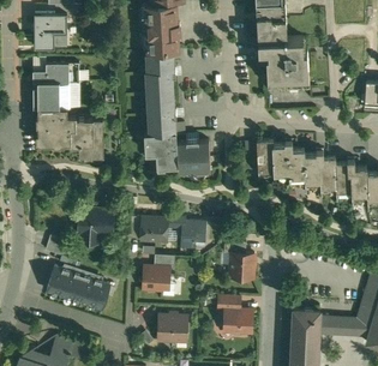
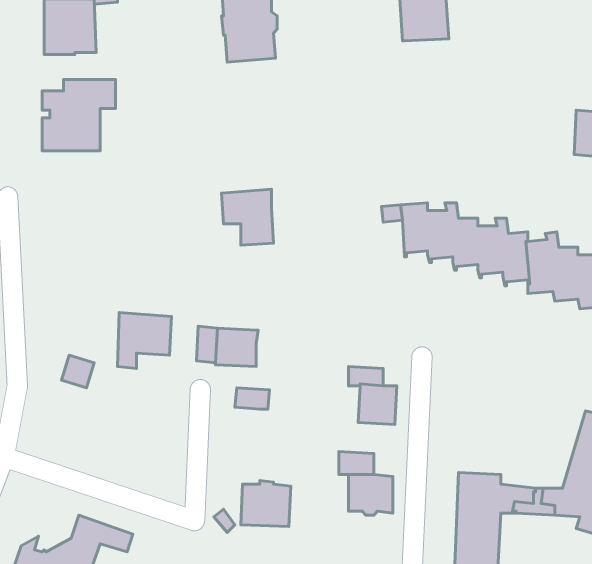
building: [258,35,308,90] -> none
building: [142,52,174,125] -> none
building: [37,106,102,155] -> none
building: [175,138,210,169] -> none
building: [166,214,205,246] -> none
building: [46,264,109,307] -> none
building: [142,265,168,290] -> none

